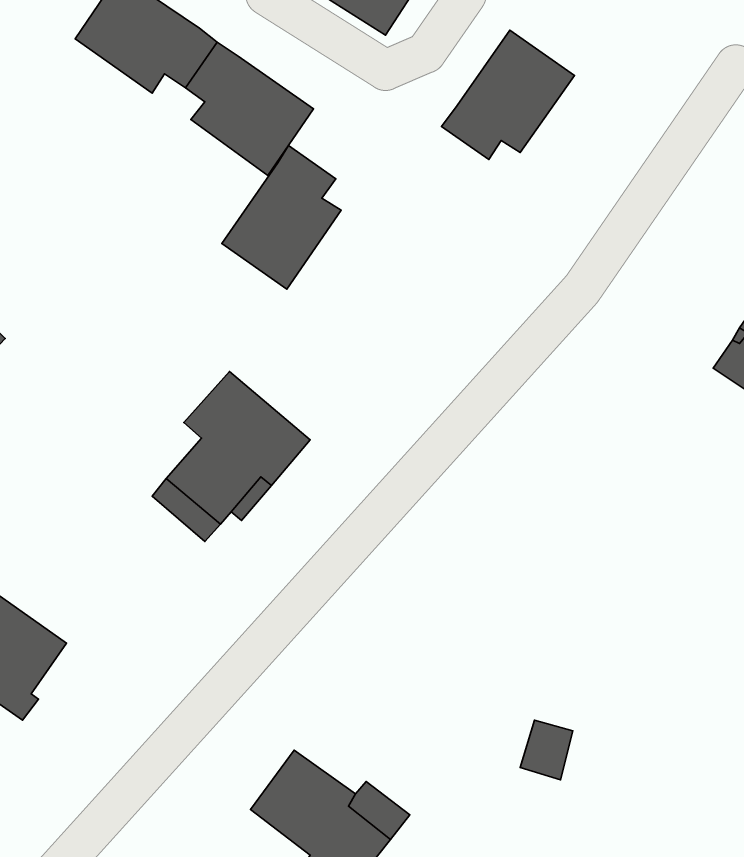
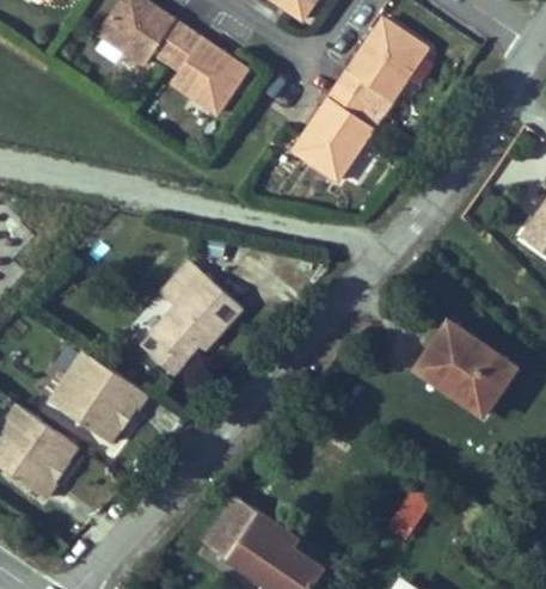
building: [222,145,341,289] -> [294,87,375,185]
building: none -> [404,313,509,415]
building: none -> [51,340,153,436]

